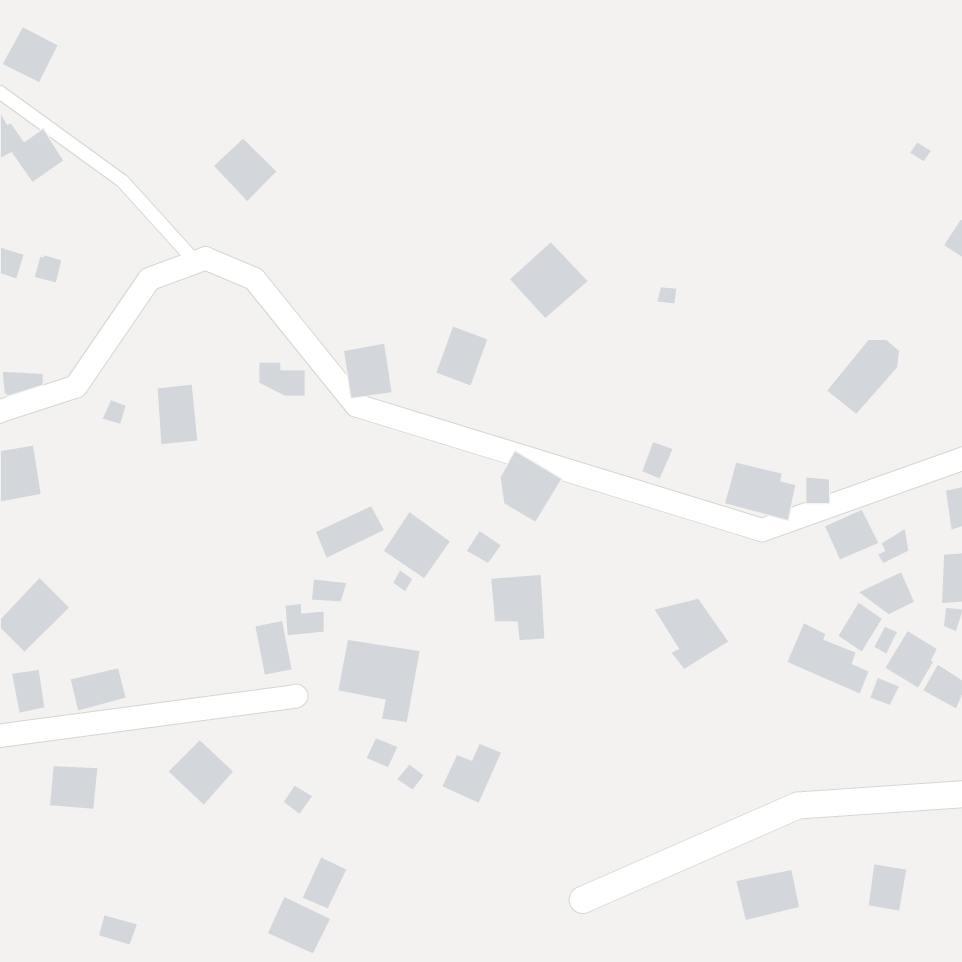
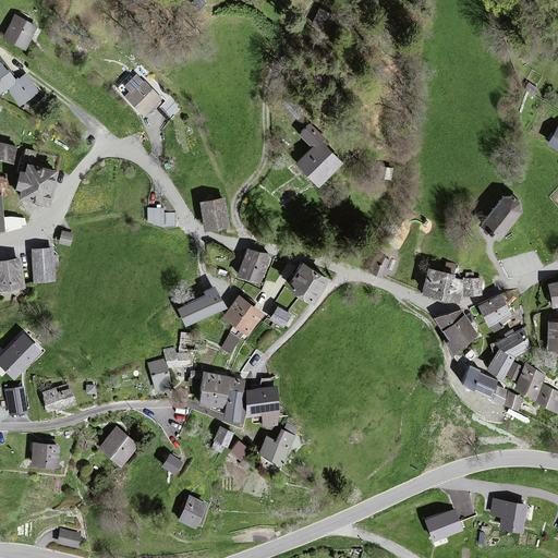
building: none -> [13,163,56,206]
building: [435,326,488,386] -> [239,248,269,283]
building: [157,384,198,445] -> [33,247,57,282]
building: [490,575,545,641] -> [247,386,279,424]
building: [654,598,729,670] -> [434,310,477,351]
building: [267,896,331,954] -> none

